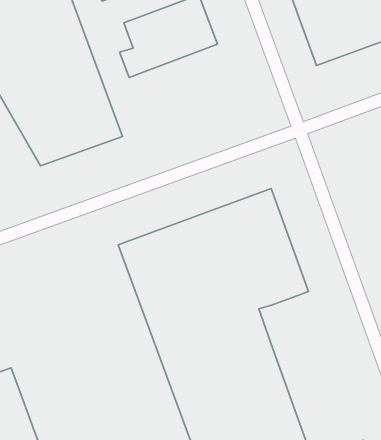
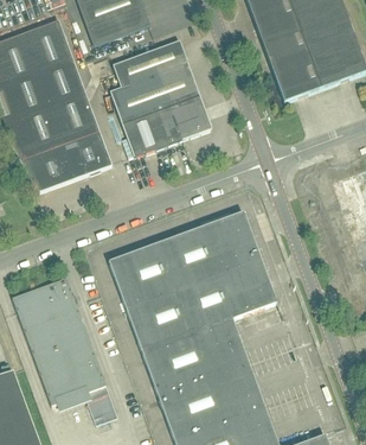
building: none -> [117,83,212,157]
building: none -> [12,276,117,424]

